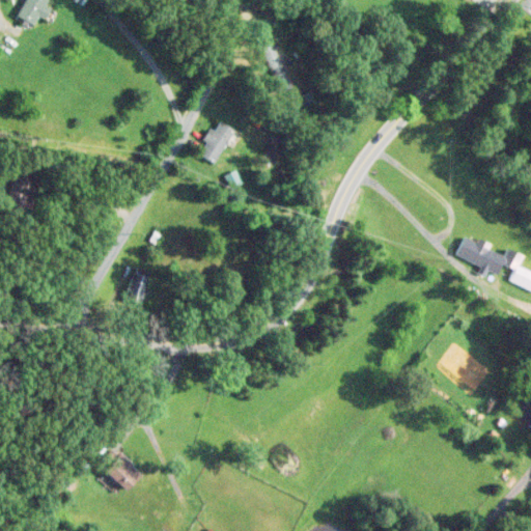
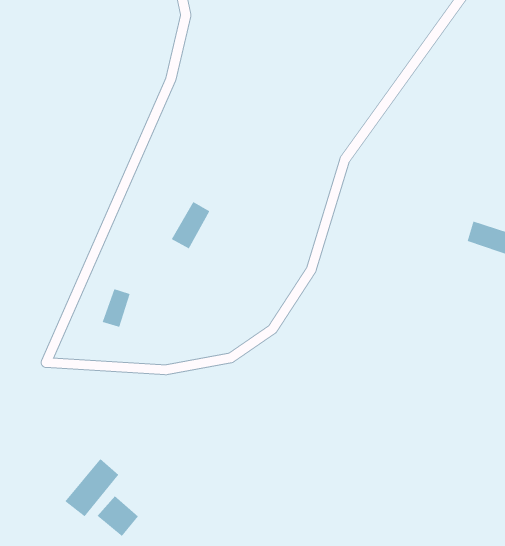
building: [199,122,236,165] -> [171,201,210,249]
building: none -> [65,458,119,517]

